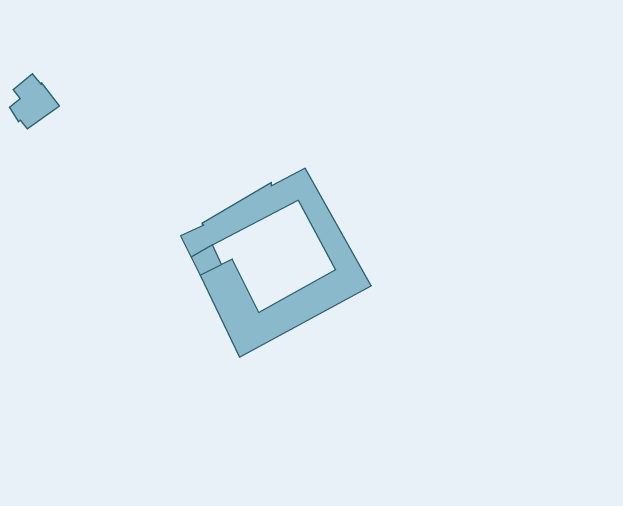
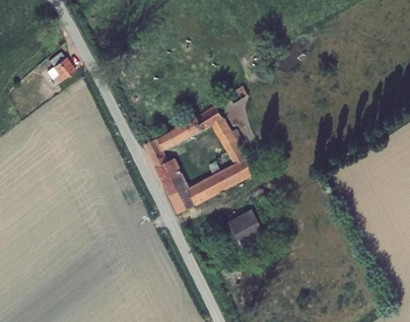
building: none -> [217,210,262,247]

